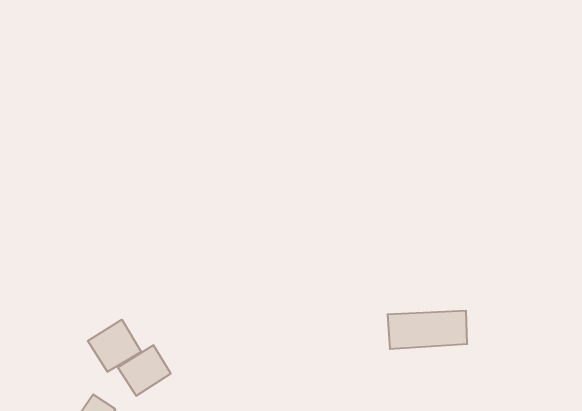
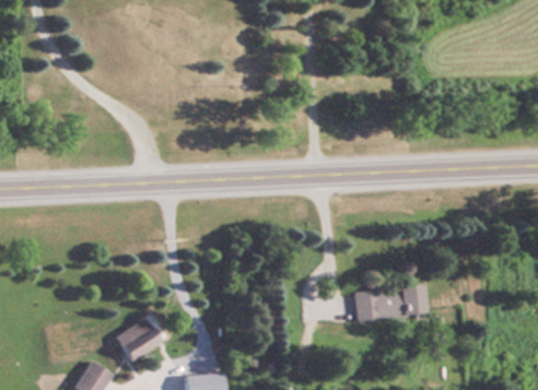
building: [88,320,141,372] -> none

